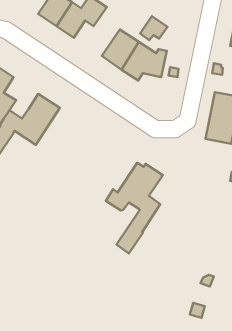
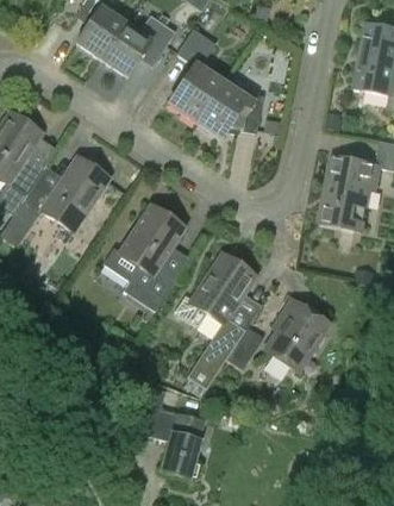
building: [140,16,167,40] -> [176,27,215,62]
building: none -> [102,205,182,310]
building: none -> [263,300,329,370]
building: none -> [226,325,263,367]
building: none -> [140,387,202,479]

